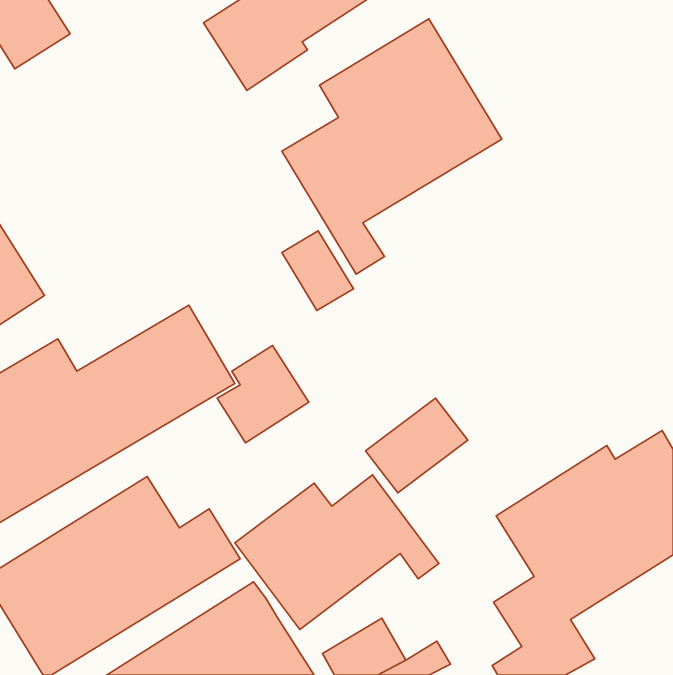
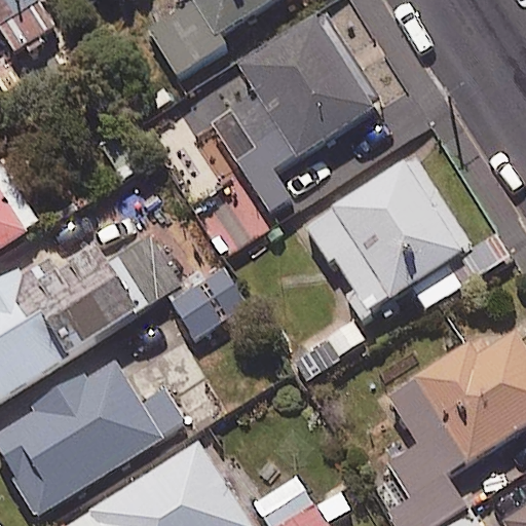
building: none -> [312,157,472,313]
building: [235,475,439,629] -> none

